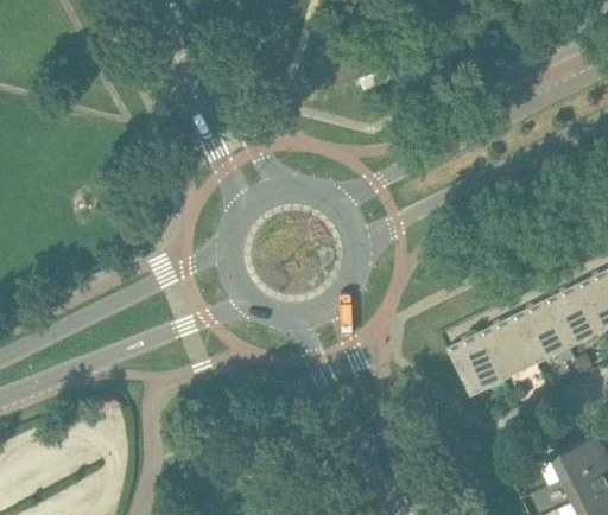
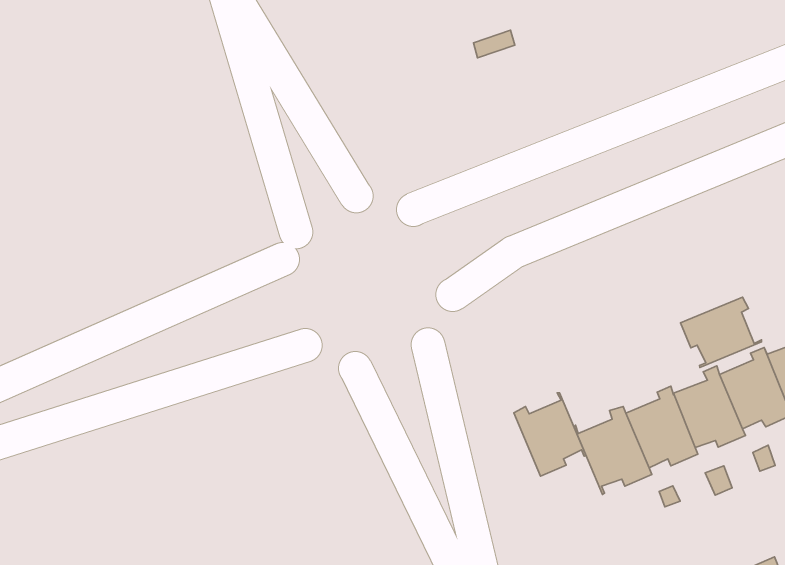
building: none -> [681,297,762,367]
building: none -> [514,393,586,476]

